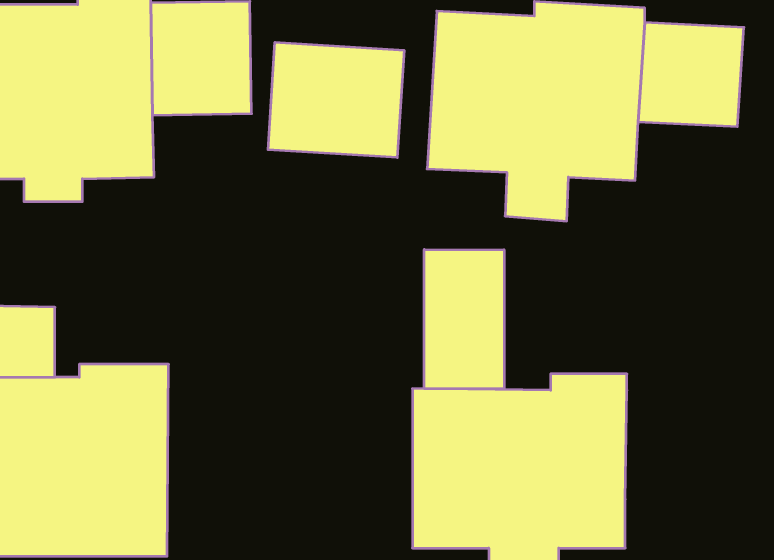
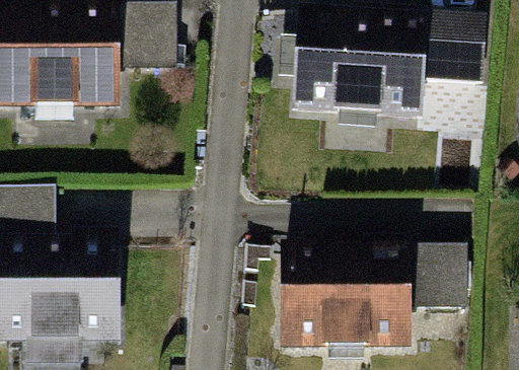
building: [268,42,404,158] -> none
building: [424,249,504,389] -> none
building: none -> [410,251,465,320]

